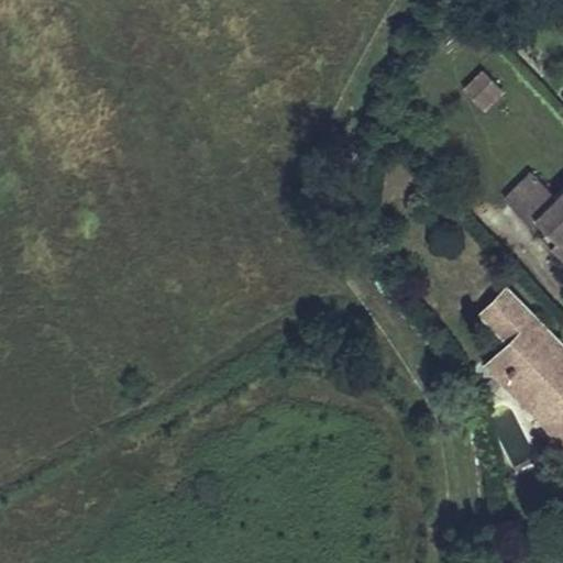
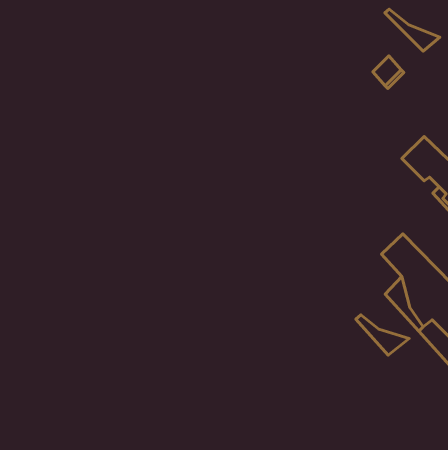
building: none -> [385,9,440,51]
building: none -> [356,315,409,355]

